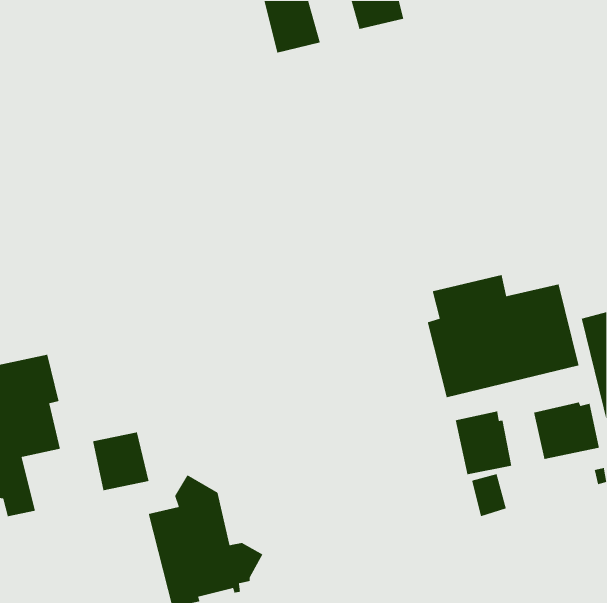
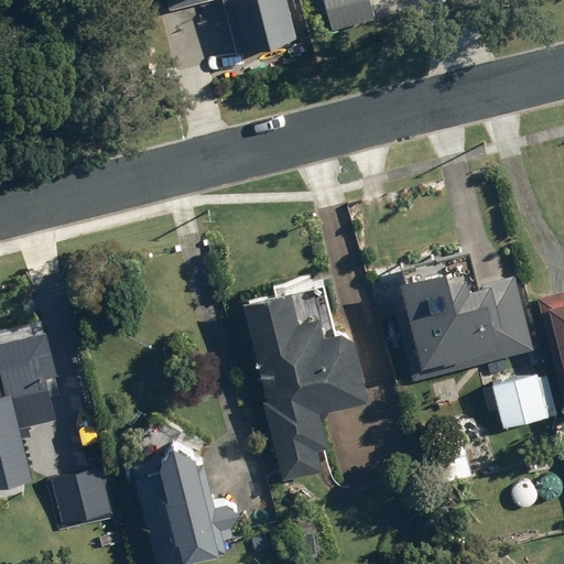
building: none -> [245,293,366,480]
building: [455,411,512,475] -> none
building: [92,431,149,491] -> [57,470,110,525]

